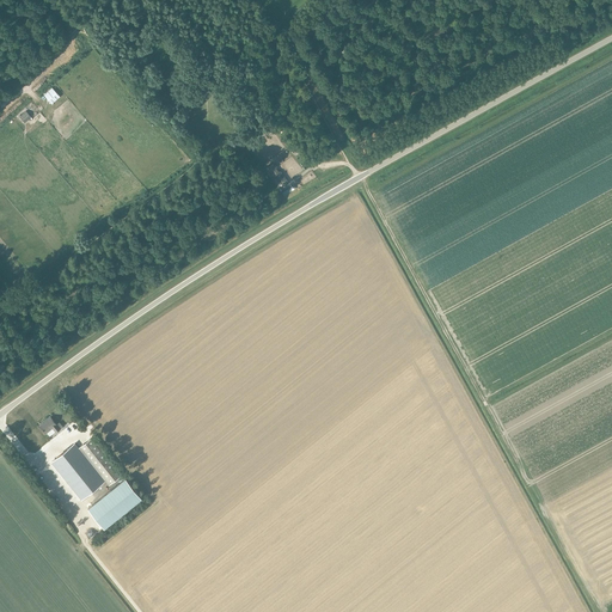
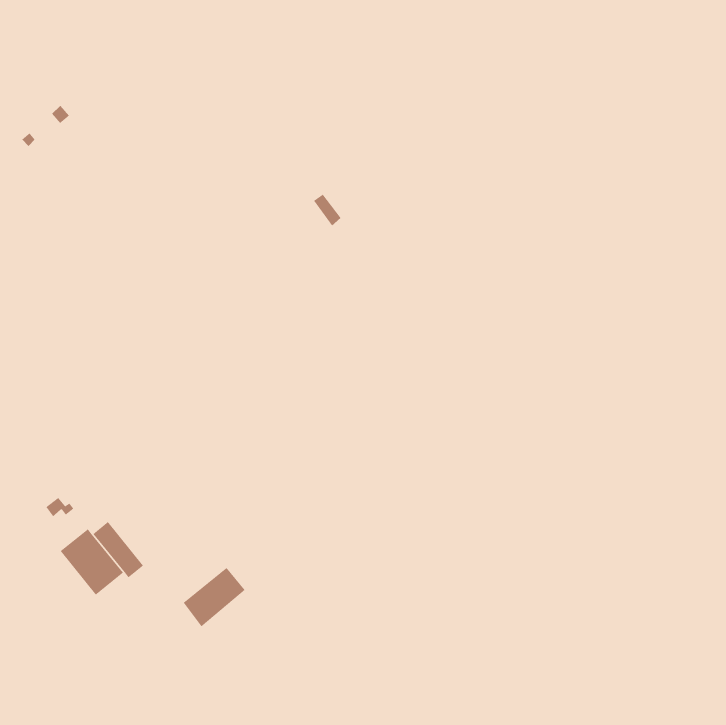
building: [87,481,140,531] -> [183,567,245,627]

